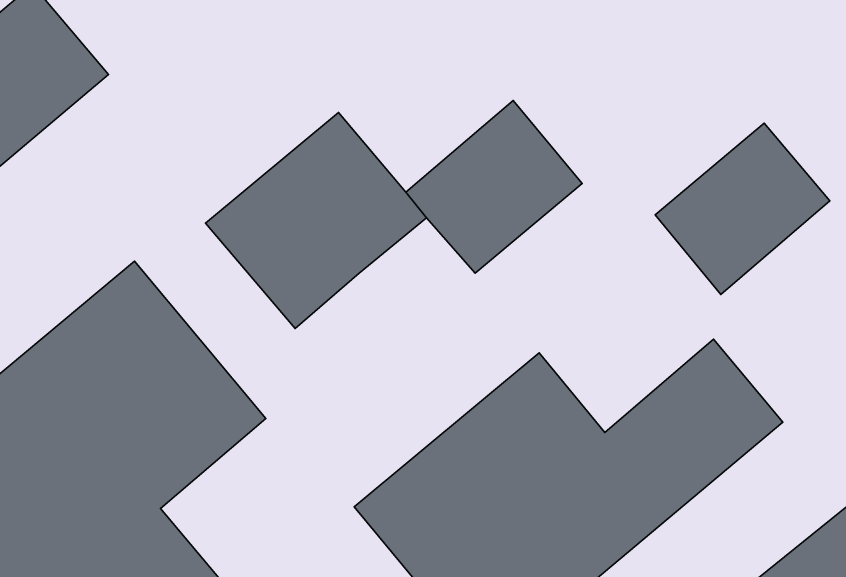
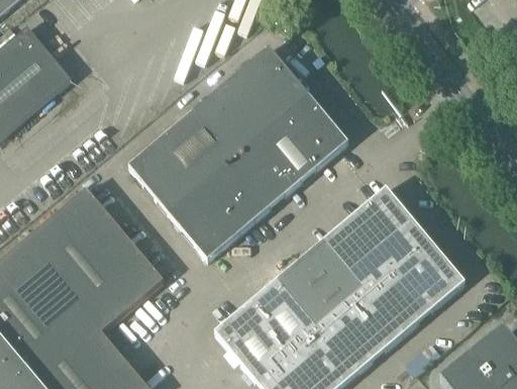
building: none -> [205,46,307,147]
building: [655,123,830,294] -> [322,187,424,287]
building: none -> [180,162,285,260]

